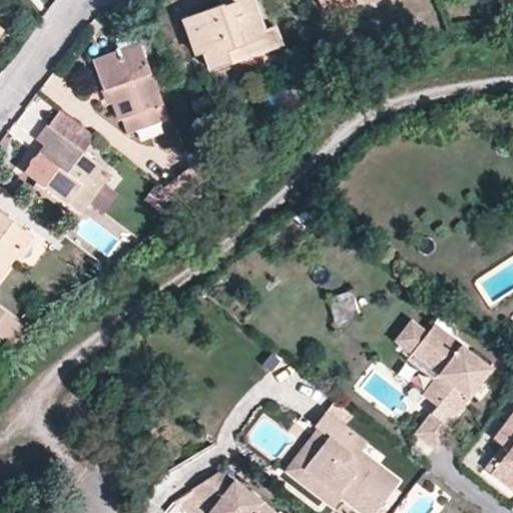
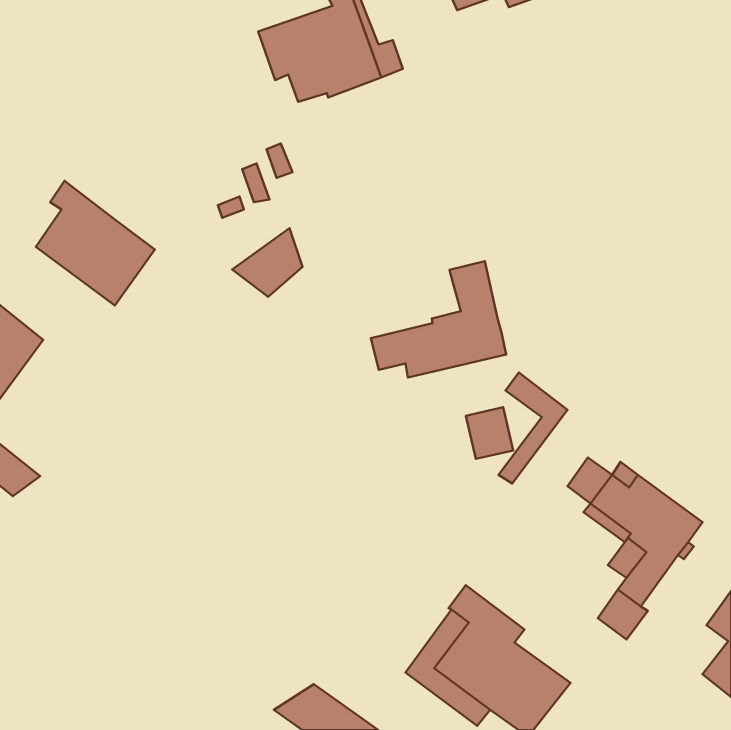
building: [95,44,165,135] -> none
building: [45,110,92,153] -> none
building: none -> [371,261,506,378]
building: none -> [499,372,567,484]

